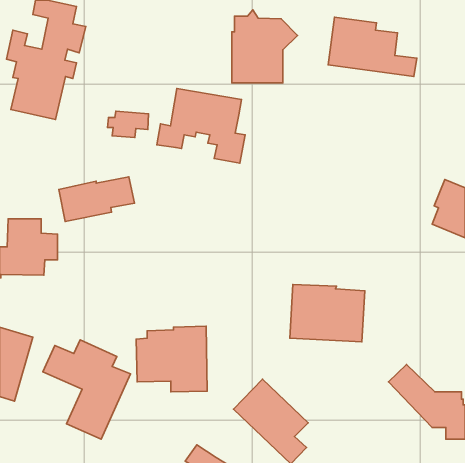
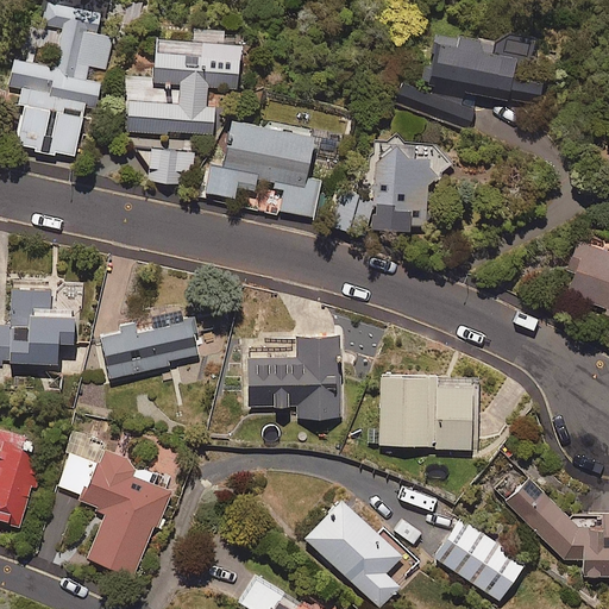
building: [232,10,297,83] -> [369,131,454,226]
building: none -> [125,33,241,136]
building: [59,177,134,221] -> [100,321,199,379]
building: [136,326,207,392] -> [247,333,340,419]
building: none -> [434,517,526,602]

